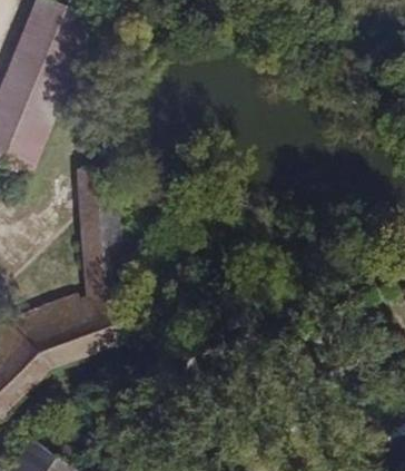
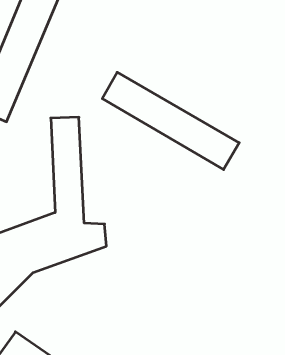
building: none -> [102,72,239,170]

